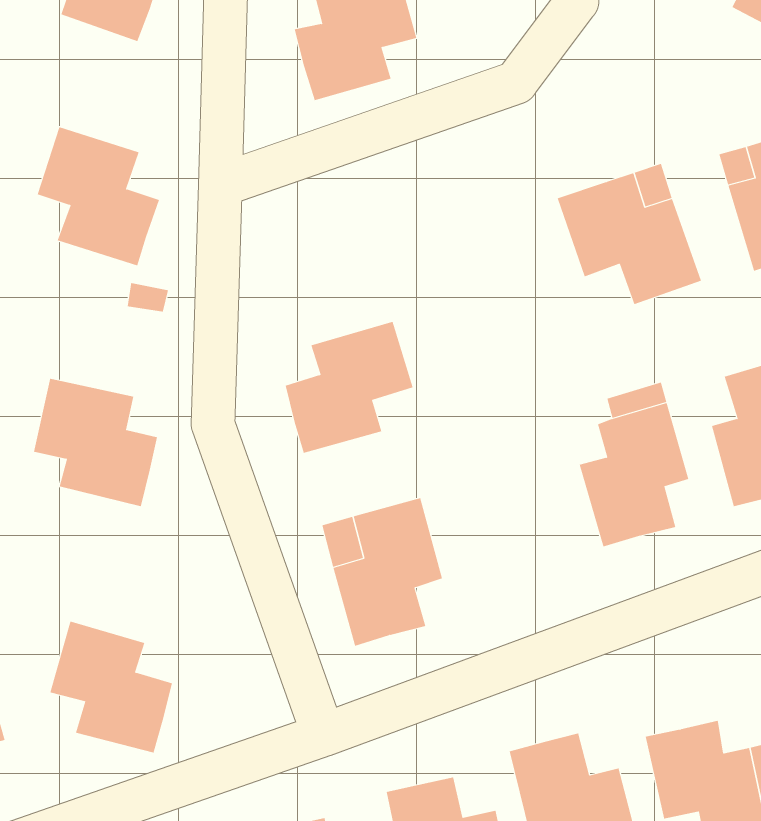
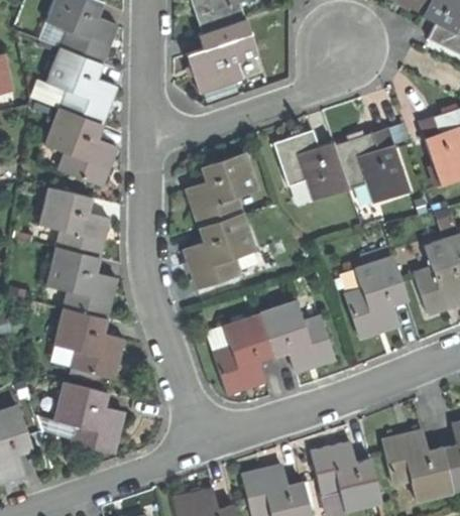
building: none -> [49,46,116,122]
building: none -> [274,130,349,203]
building: none -> [189,154,257,228]
building: none -> [40,187,111,256]
building: none -> [259,301,331,372]
building: none -> [51,305,123,377]

